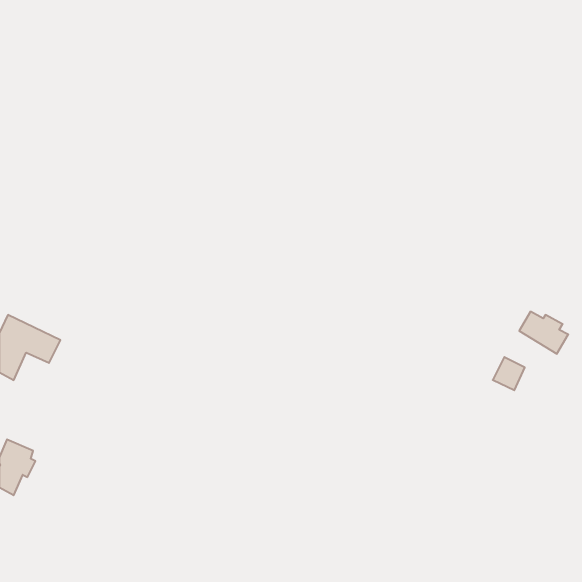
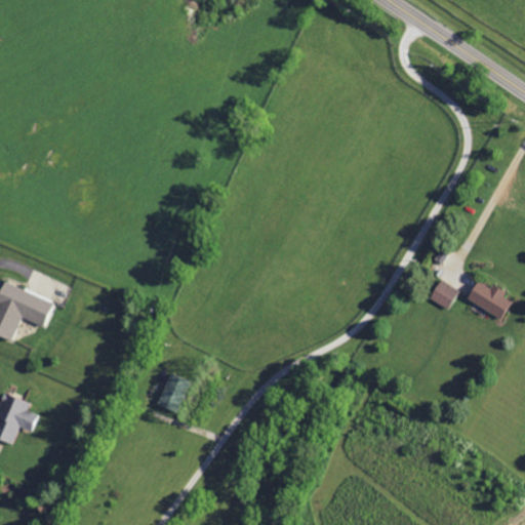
building: [493,357,525,390] -> [429,279,457,309]
building: none -> [158,374,186,411]

